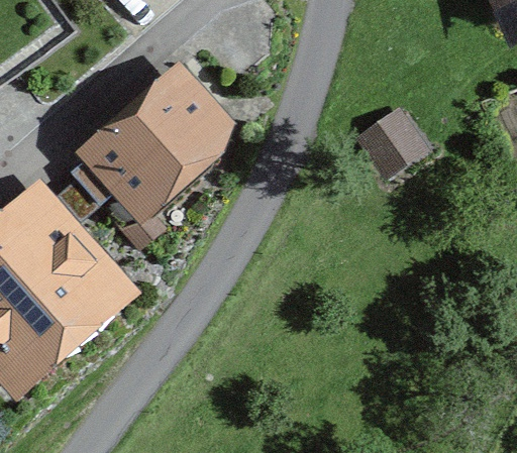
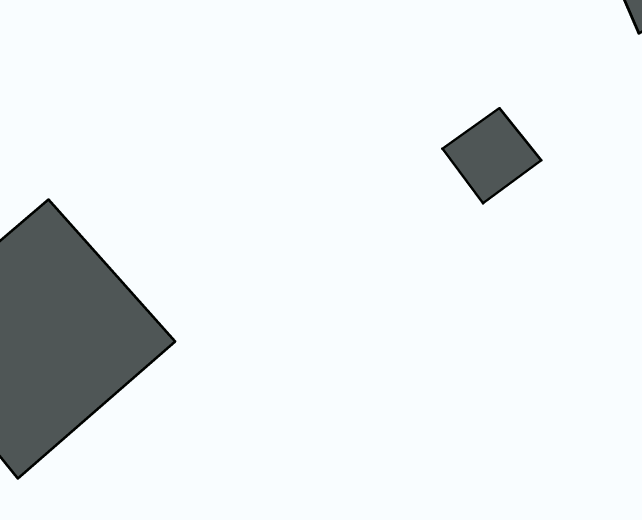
building: [73,60,234,224] -> none

